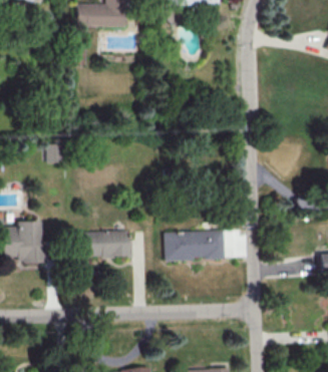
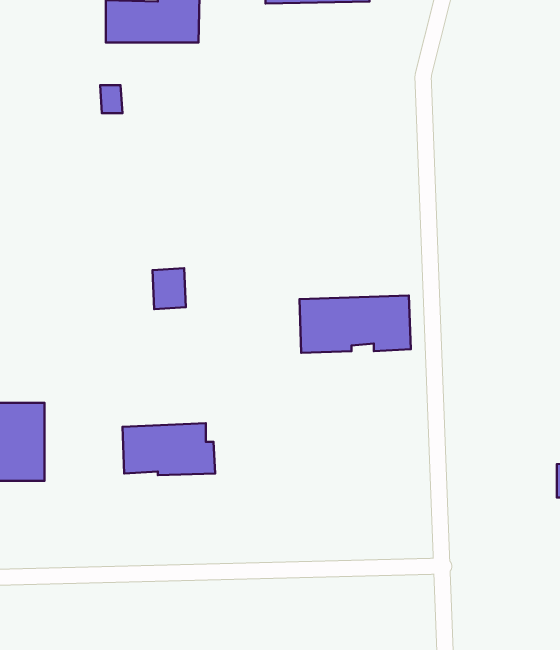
building: [47,139,65,161] -> [152,268,186,309]
building: [169,231,229,262] -> [299,295,411,353]

